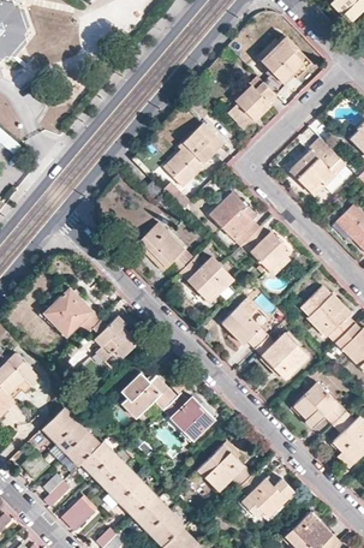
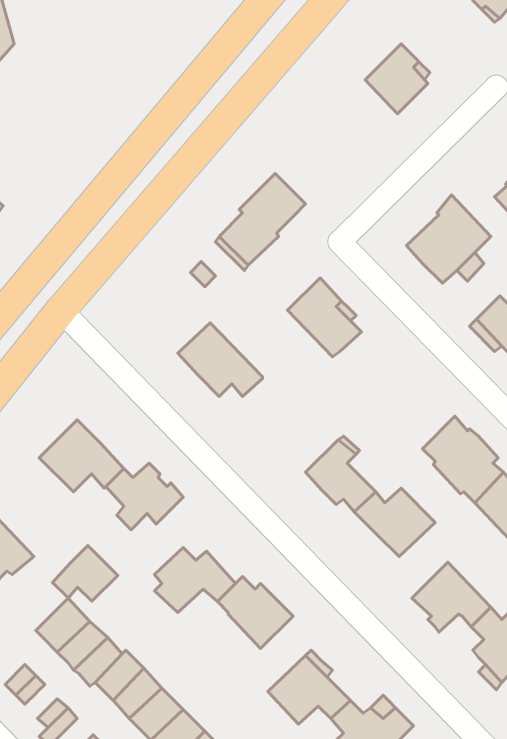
building: [228,82,276,127] -> none
building: [245,226,290,270] -> none
building: [180,257,232,302] -> none
building: none -> [52,545,118,601]

